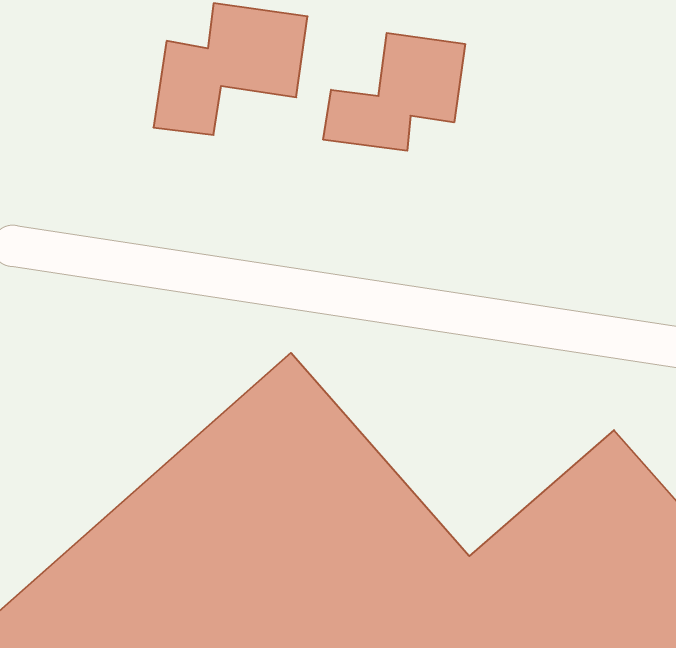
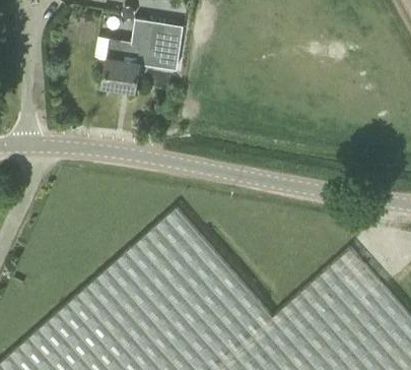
building: [323,33,465,151] -> none

